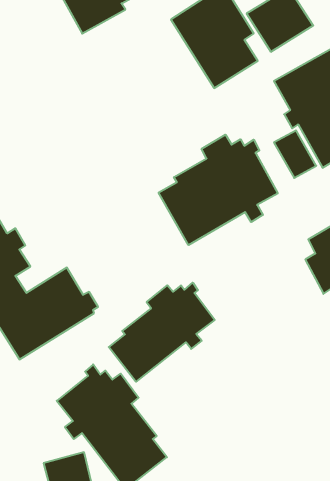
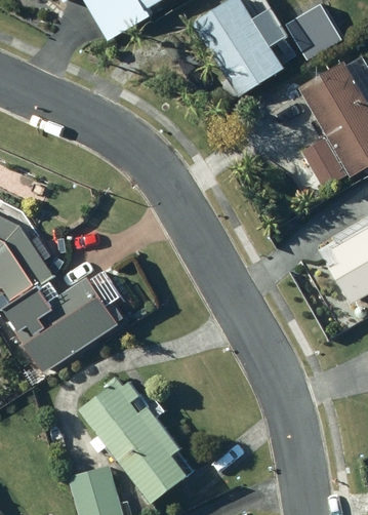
building: [159,135,278,245] -> none
building: [109,283,215,382] -> none

